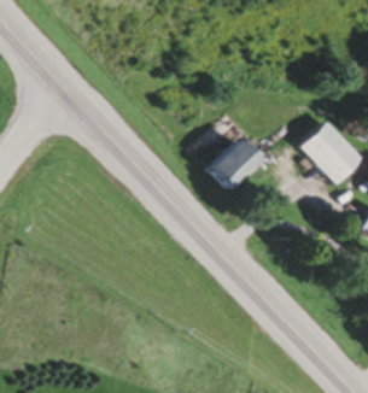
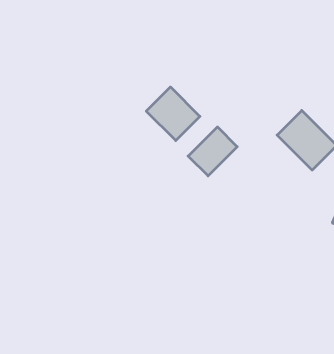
building: none -> [146,87,200,141]

